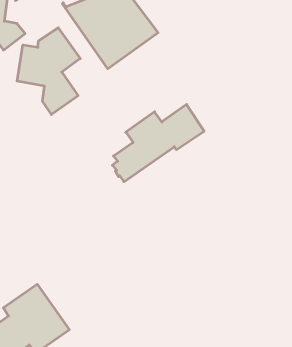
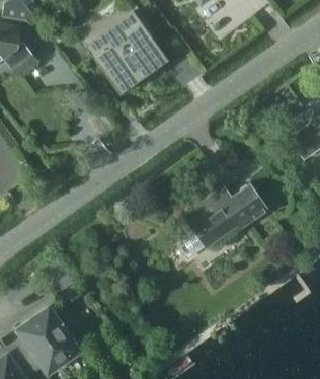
building: [17,28,80,115] -> none
building: [112,104,204,182] -> [176,182,266,258]

